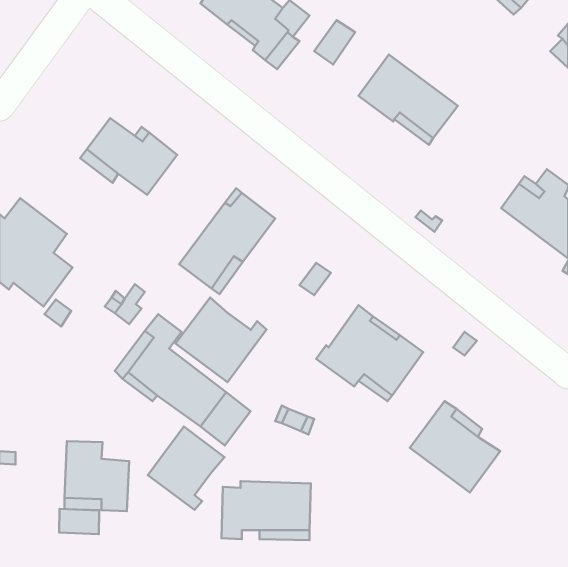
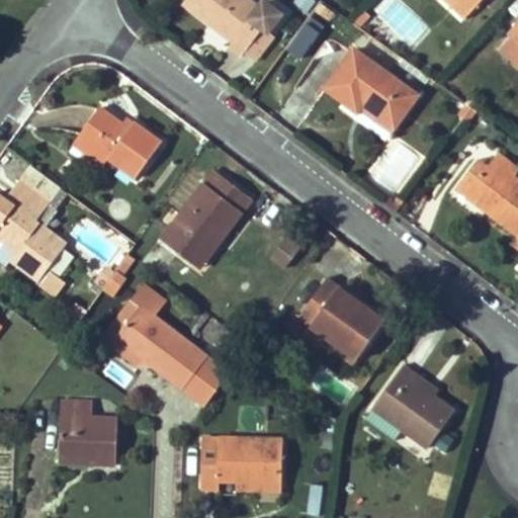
building: [175,298,267,382] -> none
building: [148,427,225,510] -> none
building: [59,509,99,534] -> none

